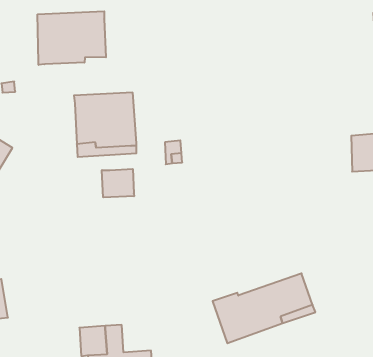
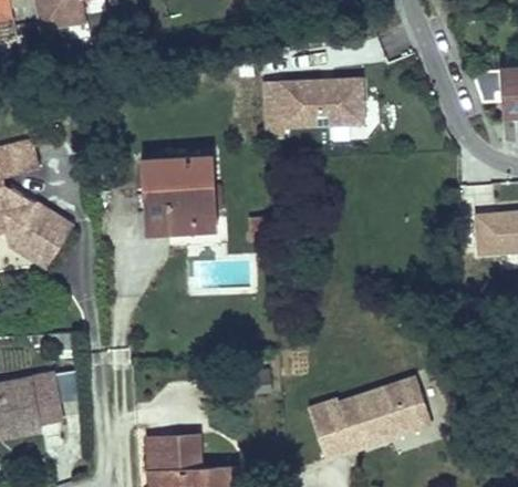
building: [38,11,106,65] -> none
building: none -> [263,74,369,137]
building: [102,169,134,197] -> none

